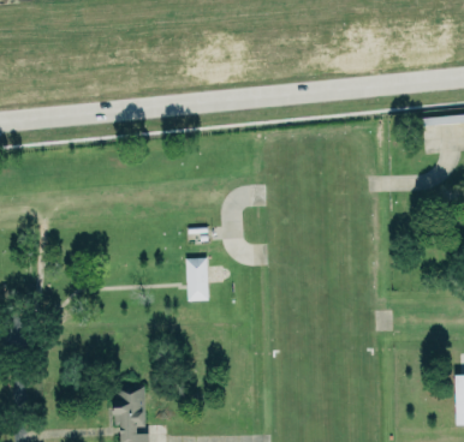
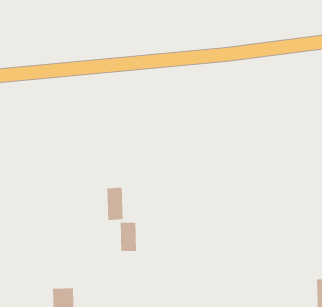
building: none -> [120,222,137,252]

